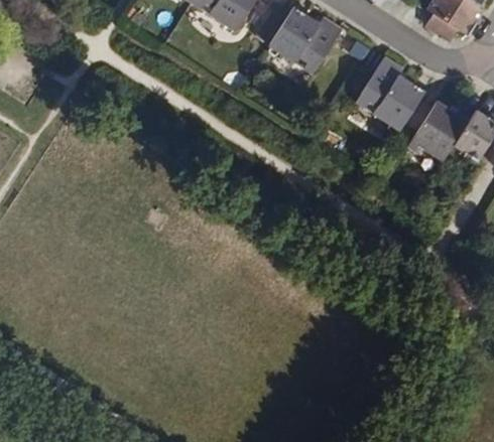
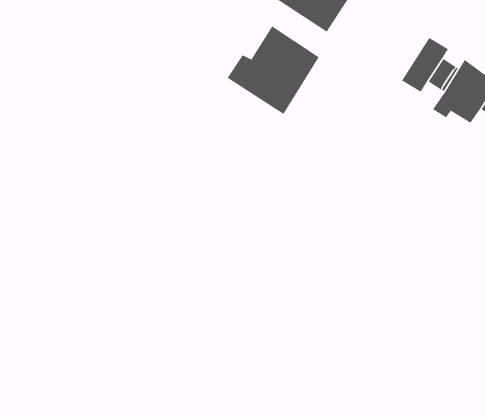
building: [355,56,406,118] -> none
building: none -> [227,26,319,115]

